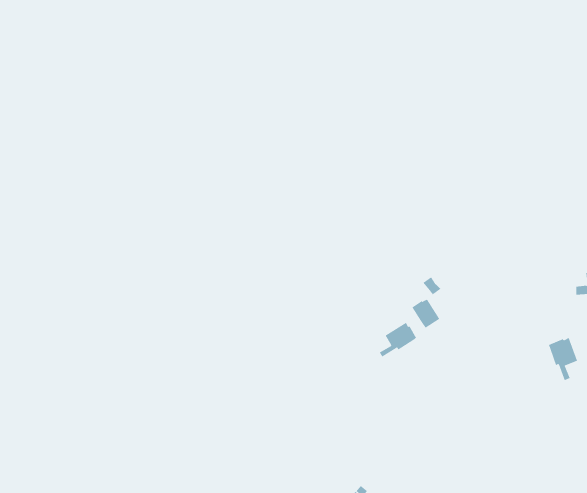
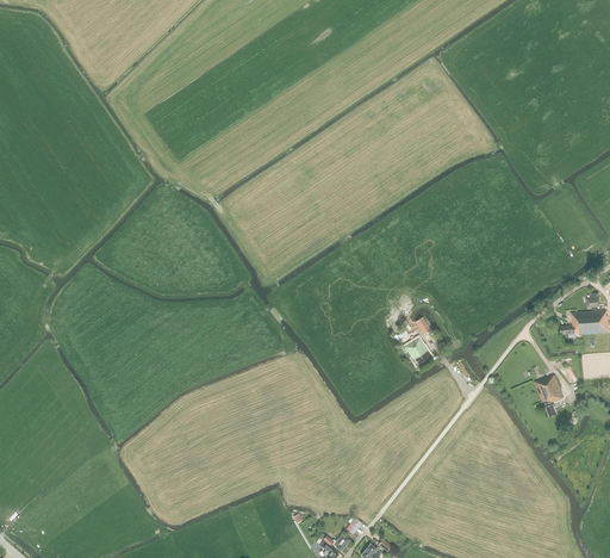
building: [379,322,417,357] -> none

